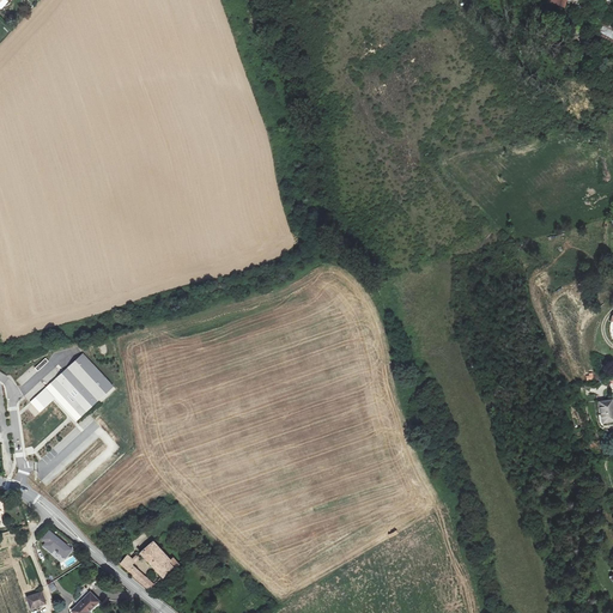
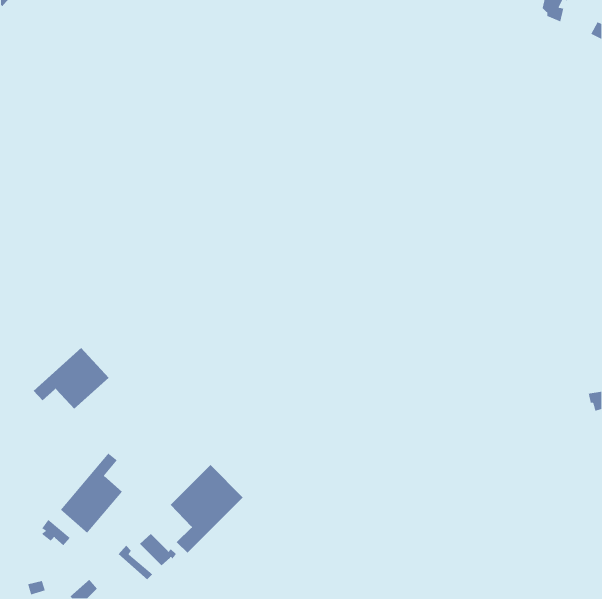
building: none -> [60,452,123,534]
building: none -> [170,464,243,554]

